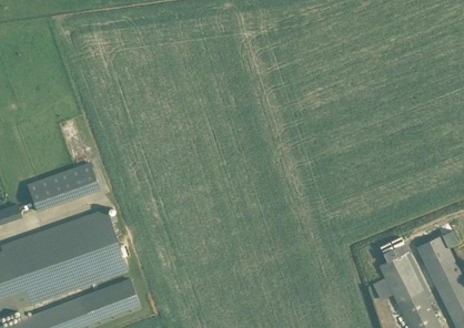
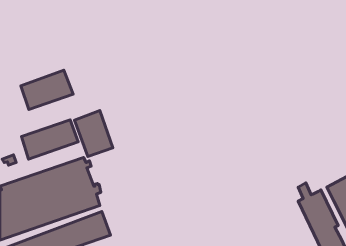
building: none -> [21,70,73,110]
building: none -> [75,110,113,156]

